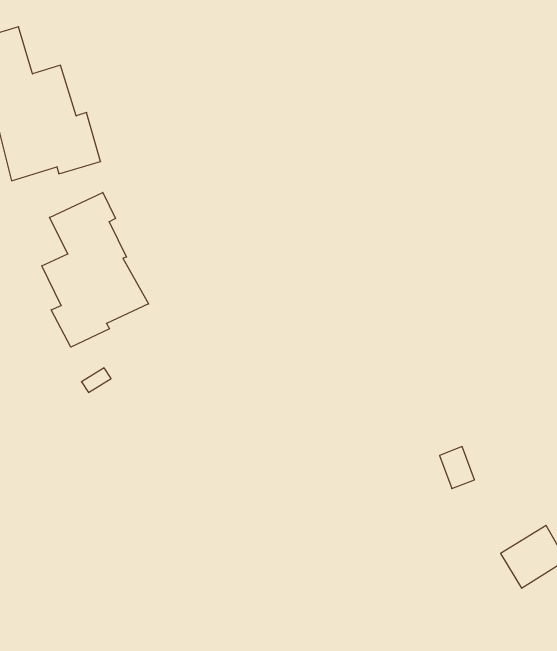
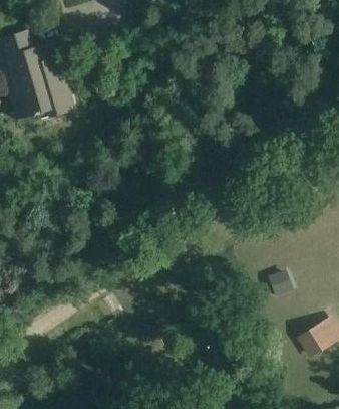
building: [42,192,149,347] -> none

